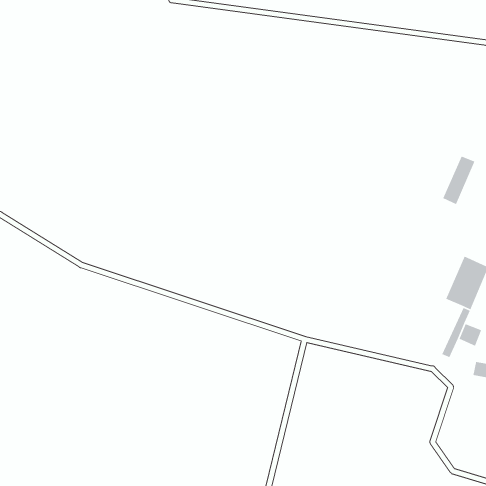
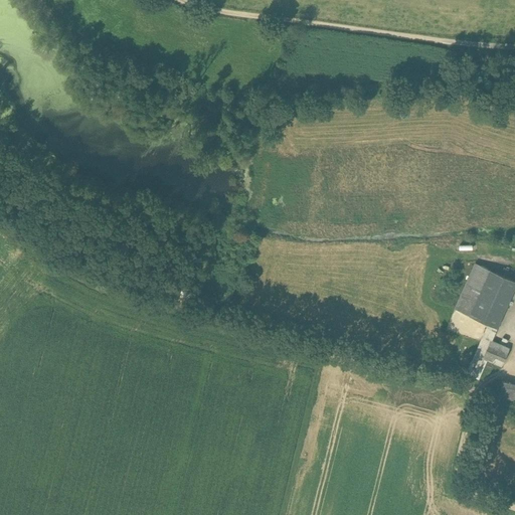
building: [442,156,476,205] -> [456,265,491,317]

